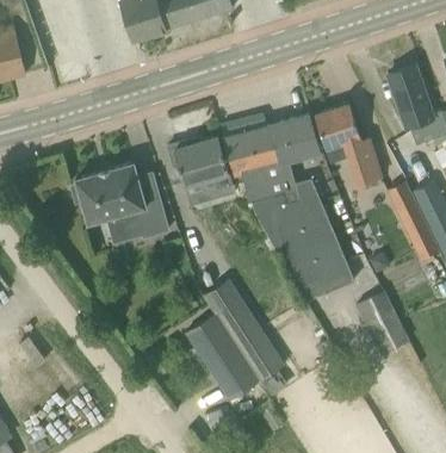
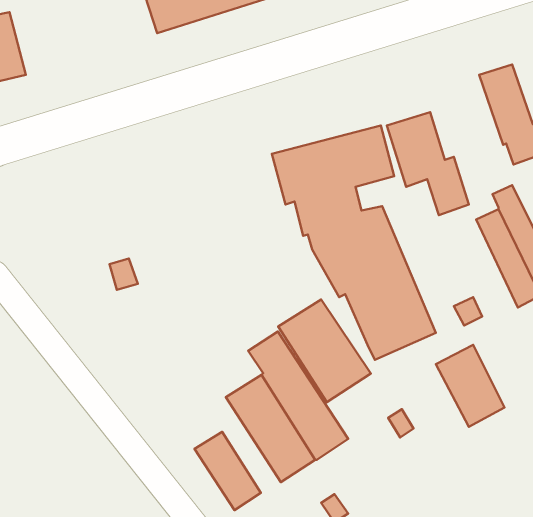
building: [168,137,233,191] -> none
building: [72,163,168,237] -> none
building: none -> [278,299,371,402]
building: none -> [195,432,261,510]

